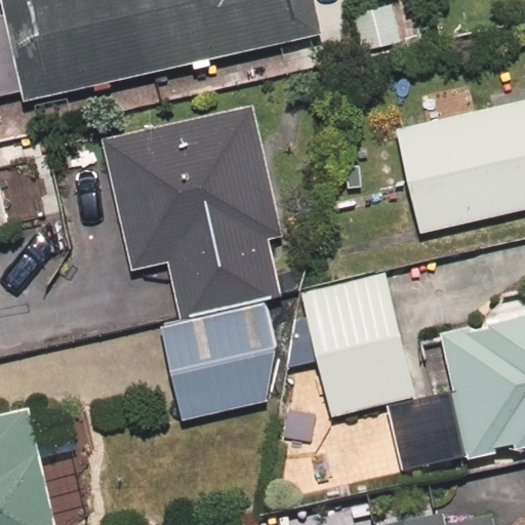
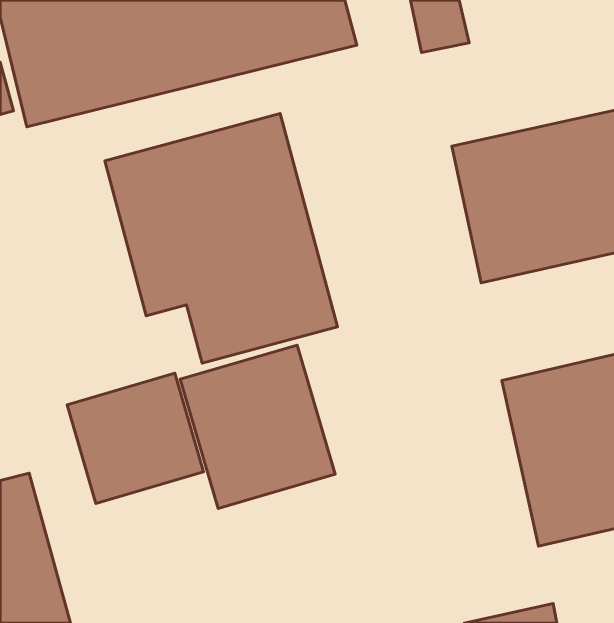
building: [294,257,419,415] -> none
building: none -> [67,373,204,504]

